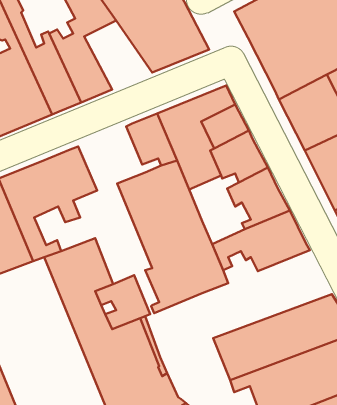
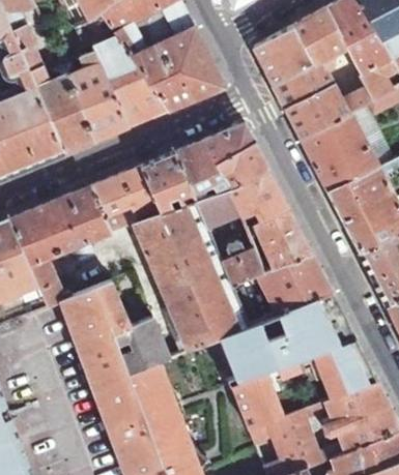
building: none -> [97,56,168,127]
building: none -> [91,166,161,232]
building: none -> [220,244,264,288]
building: none -> [220,294,354,385]

